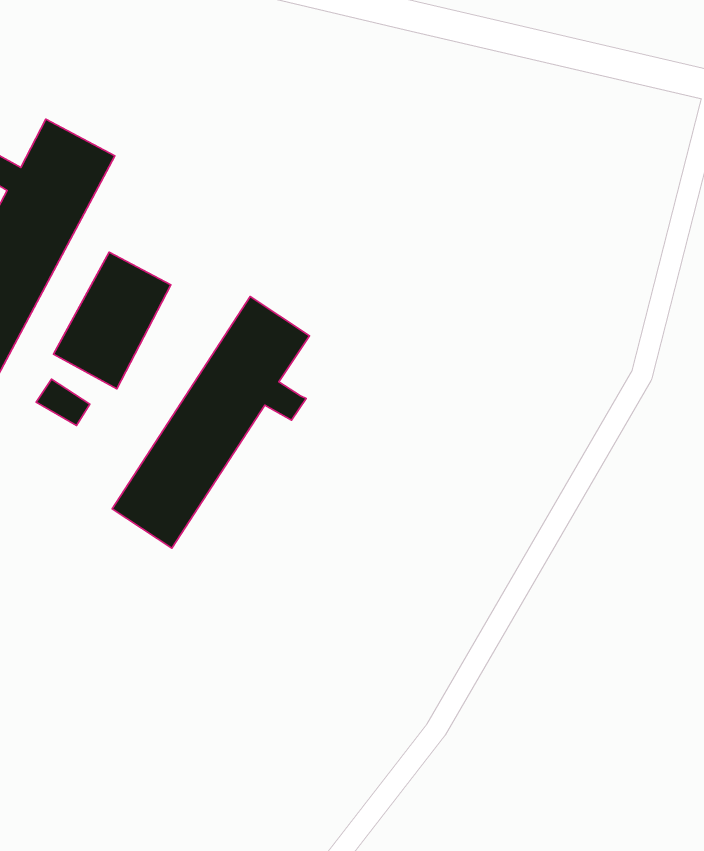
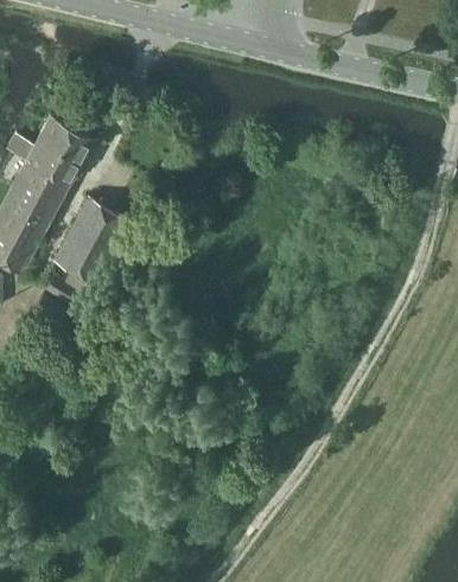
building: [112,297,309,548] -> none

